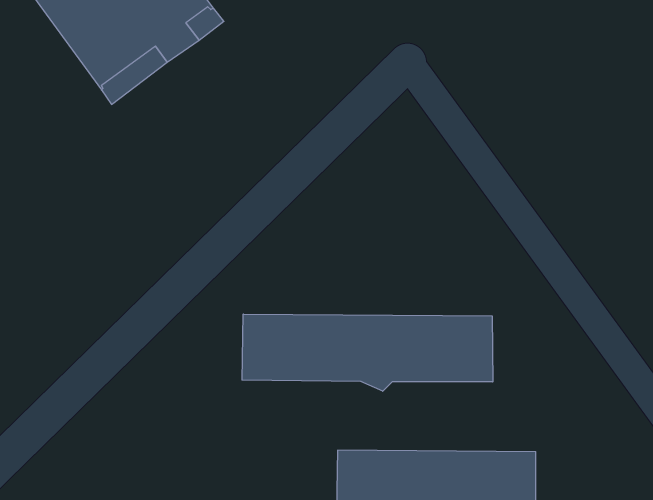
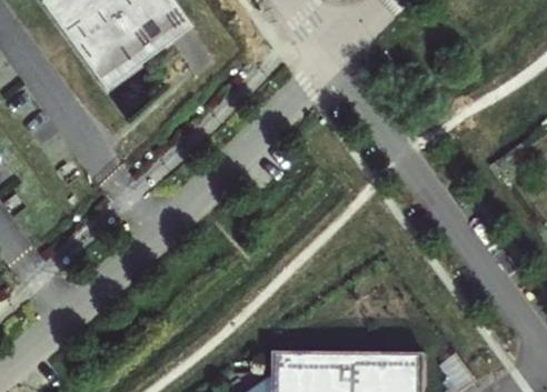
building: [242,314,493,391] -> none

